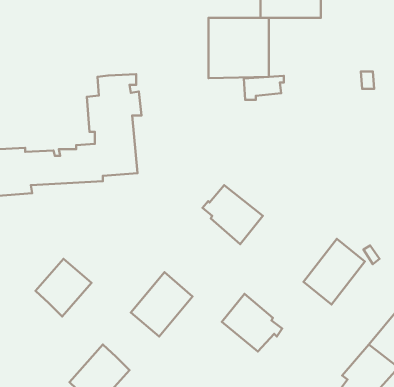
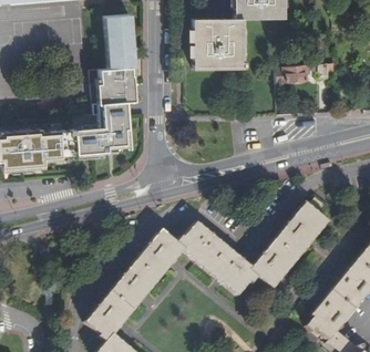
building: none -> [109,14,137,69]
building: [244,76,284,100] -> [278,66,311,86]
building: [203,185,263,244] -> [175,224,225,272]
building: [35,259,92,316] -> [107,265,154,312]
building: none -> [247,239,297,290]

